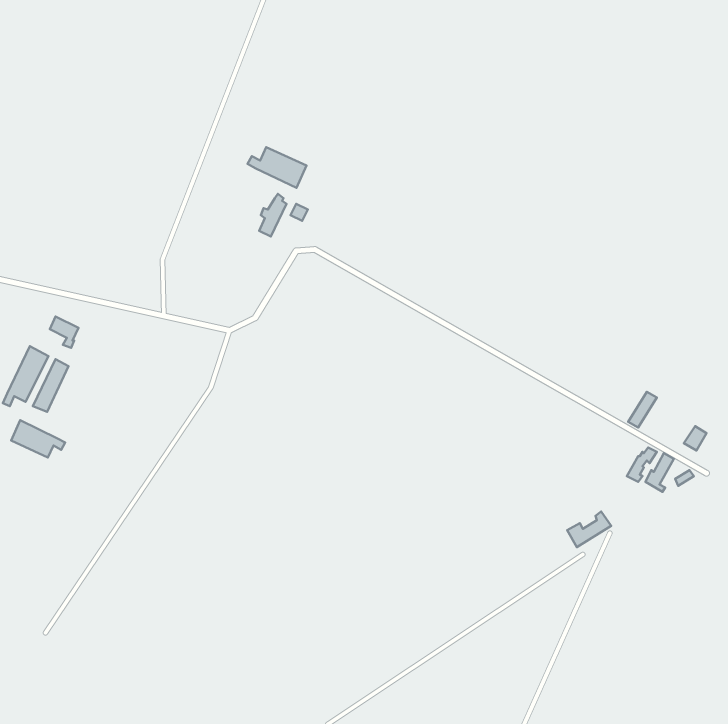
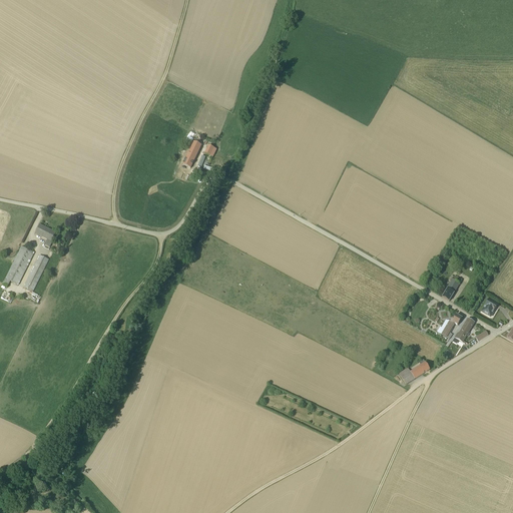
building: [248,147,306,188] -> none
building: [11,420,65,458] -> none

